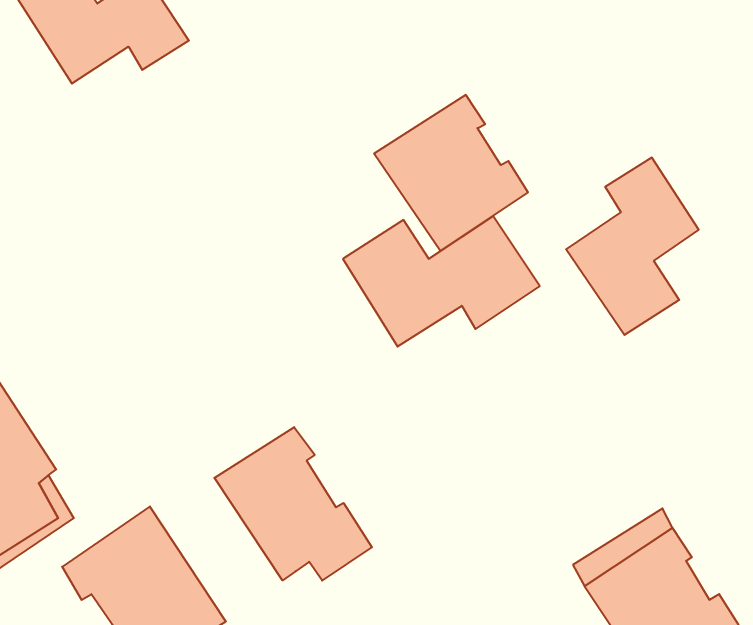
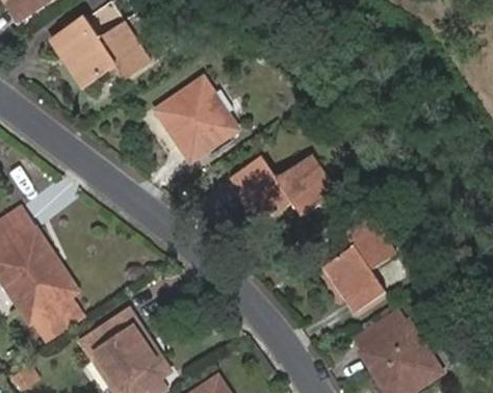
building: [374,95,528,251] -> [153,77,235,160]
building: [566,158,699,335] -> [323,215,394,310]
building: [214,427,372,581] -> none

